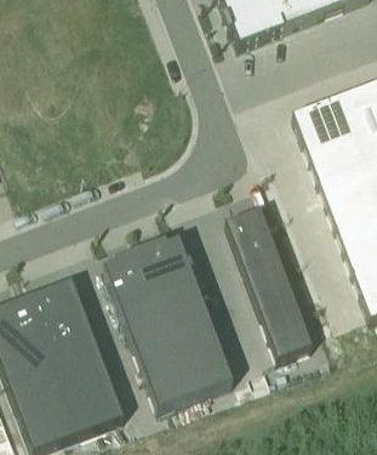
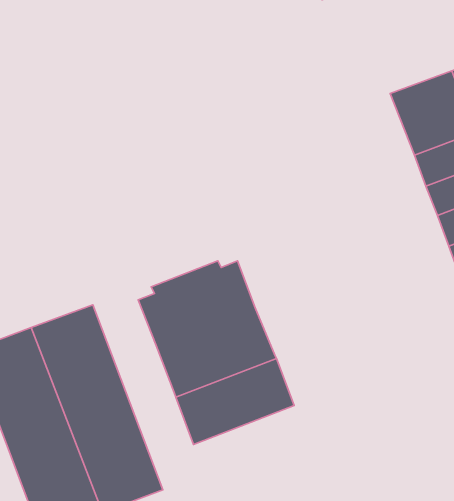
building: [224,203,315,357] -> none
building: [145,343,234,408] -> none

